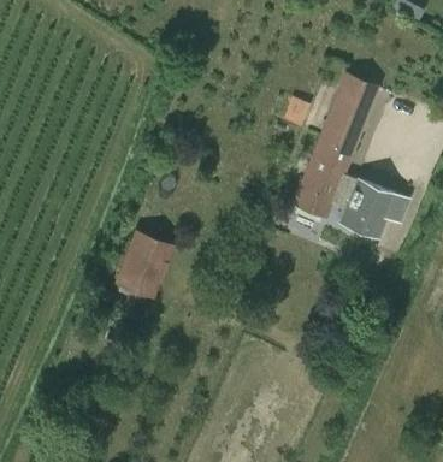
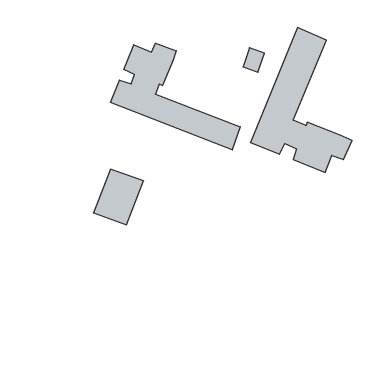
building: none -> [111,43,240,150]

